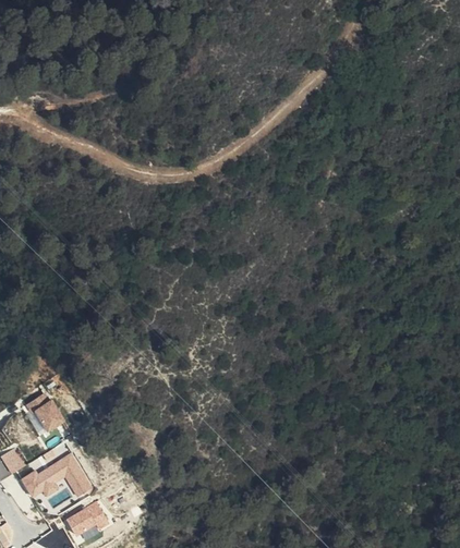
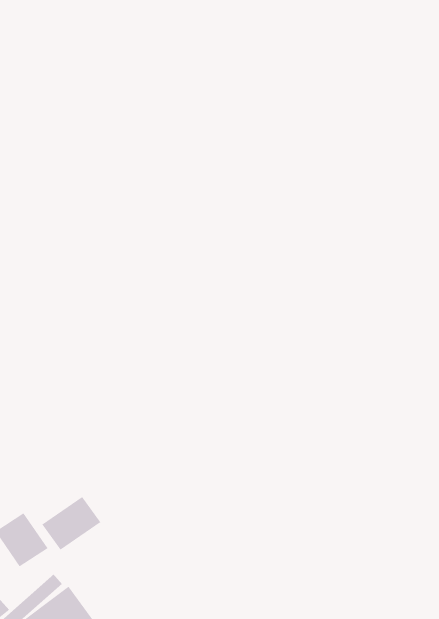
building: none -> [41,496,101,550]

